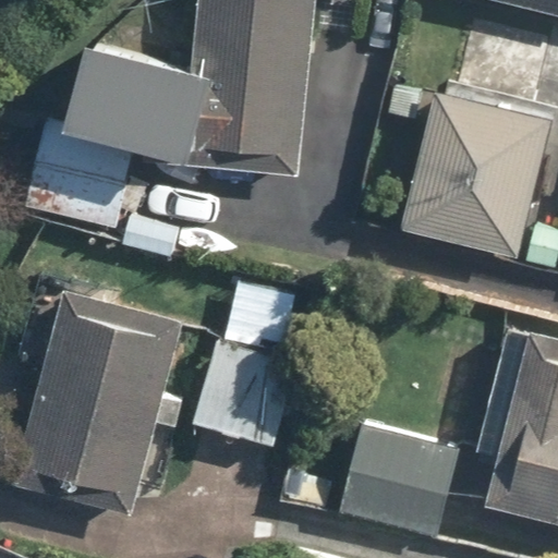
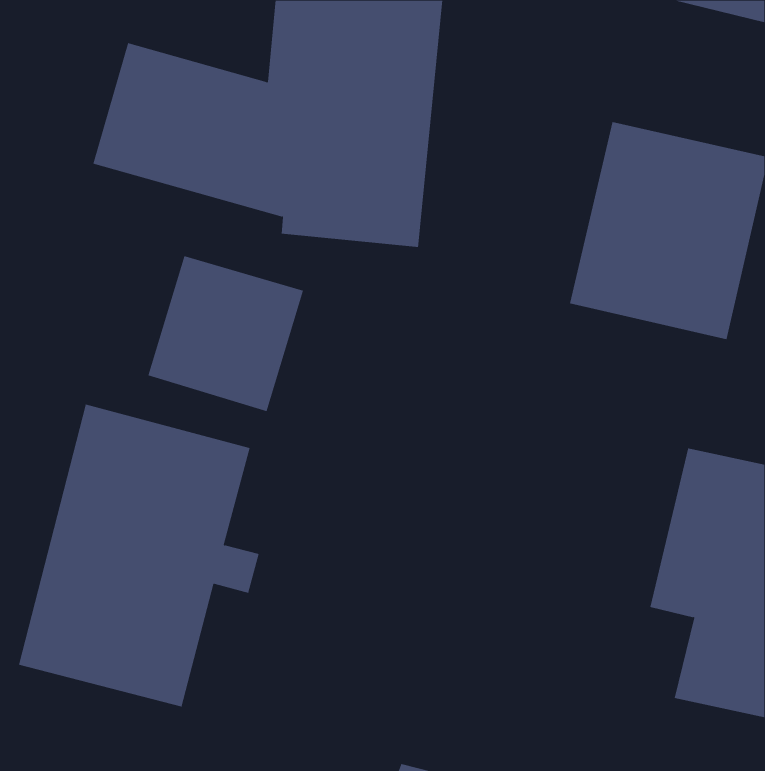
building: [24,117,136,229] -> [147,256,304,412]
building: [193,314,303,446] -> none
building: [341,422,460,533] -> none

